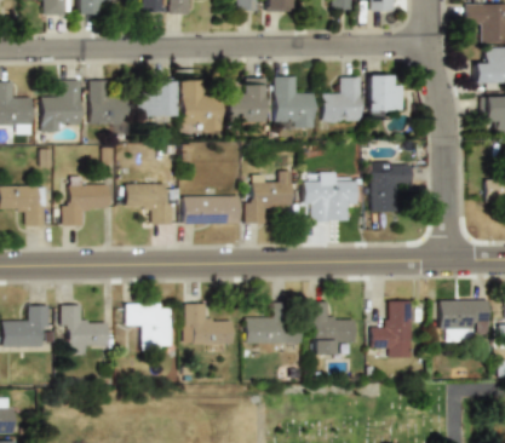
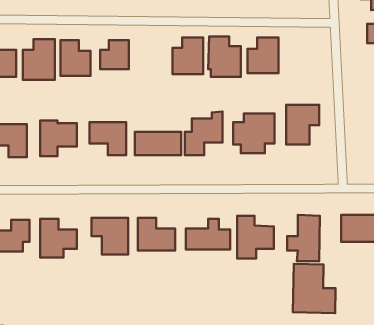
building: [369,75,404,115] -> none
building: [182,80,222,132] -> none
building: none -> [293,264,336,313]

